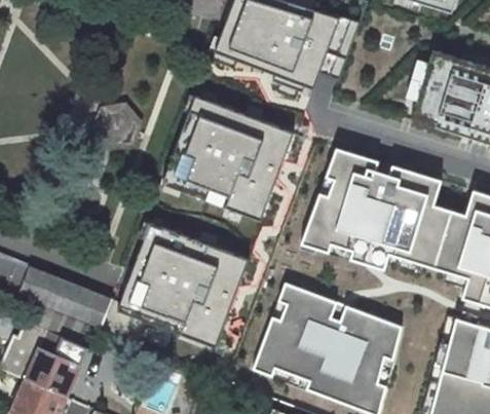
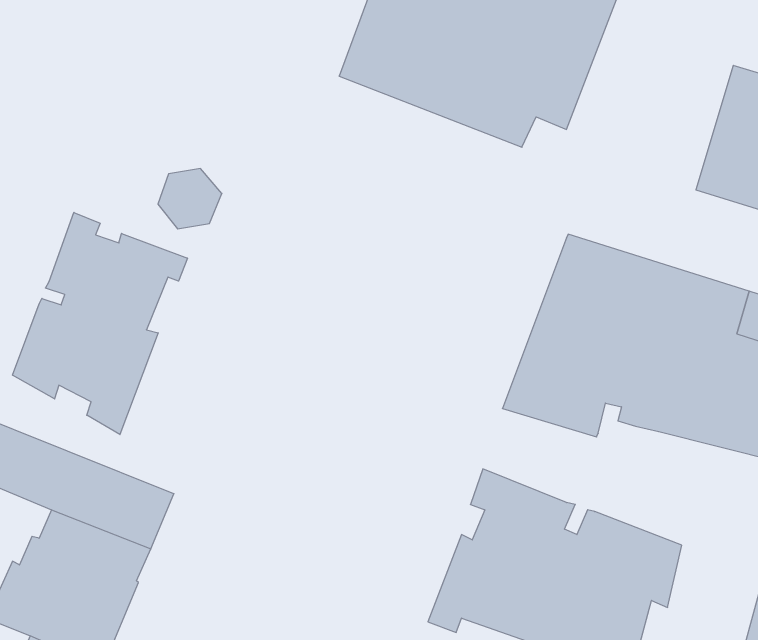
building: [167,100,295,219] -> none
building: none -> [13,212,187,435]
building: [121,224,251,344] -> none

